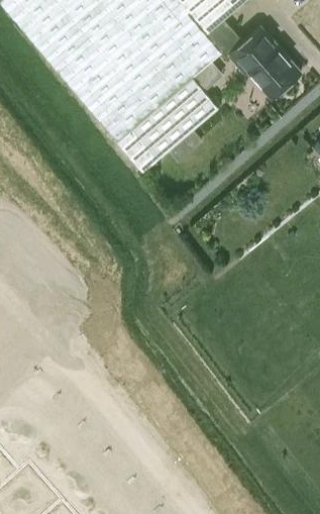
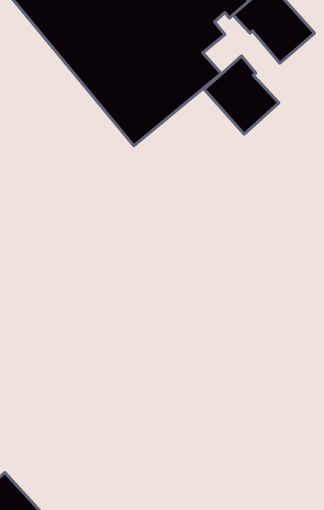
building: none -> [204,56,279,134]

